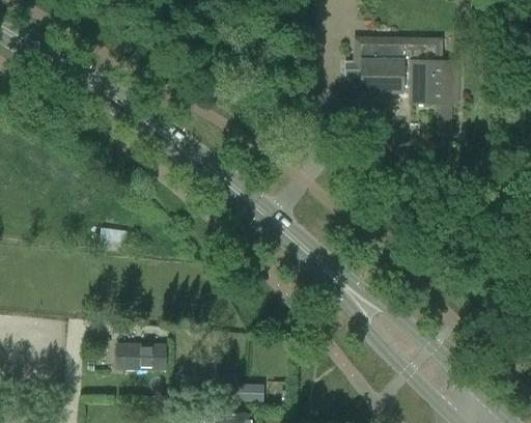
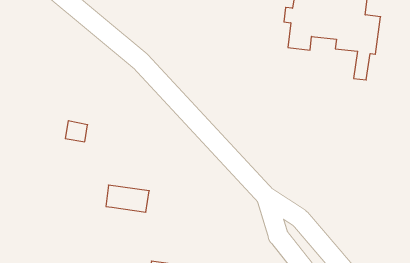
building: [116,343,166,370] -> [106,185,149,212]

